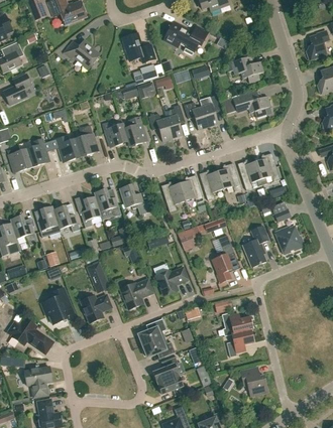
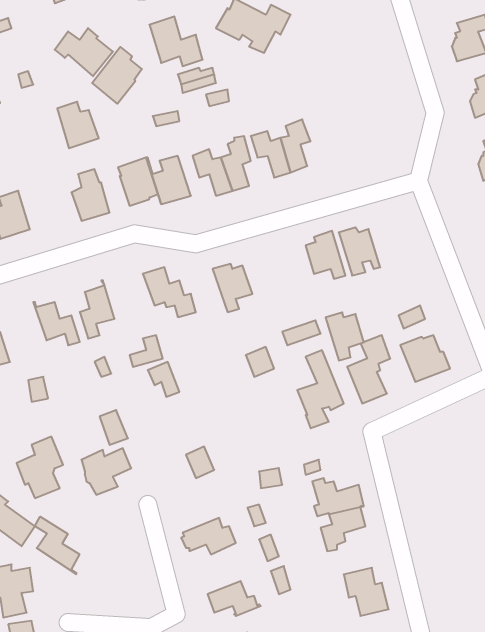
building: none -> [92,47,142,104]
building: [231,55,263,83] -> none
building: [232,93,270,117] -> none
building: [56,134,81,162] -> [57,102,99,148]
building: [255,152,280,184] -> none
building: [199,170,222,199] -> [326,312,364,361]
building: [179,174,203,203] -> none
building: [94,188,121,219] -> none
building: [37,205,60,238] -> none
building: [155,267,188,295] -> none
building: [119,278,153,309] -> none
building: [137,318,165,345] -> none
building: none -> [35,517,79,574]
building: [152,355,178,383] -> none

